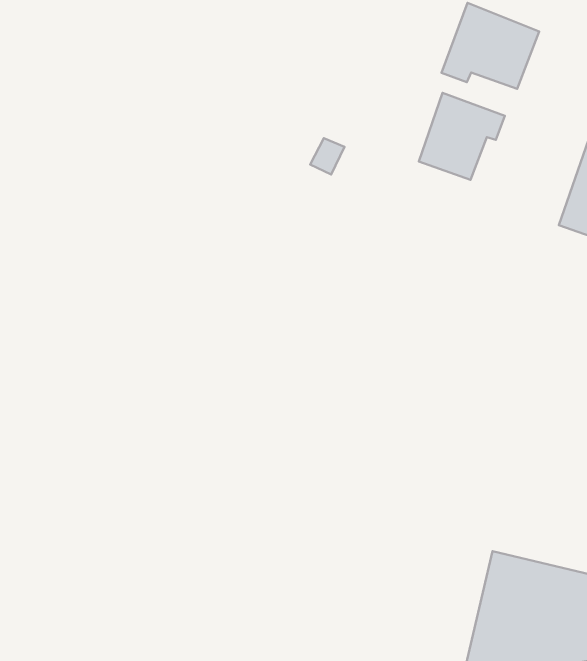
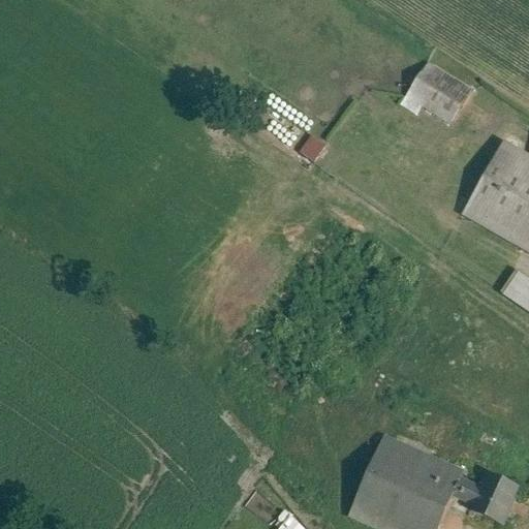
building: [419,93,505,180] -> none

